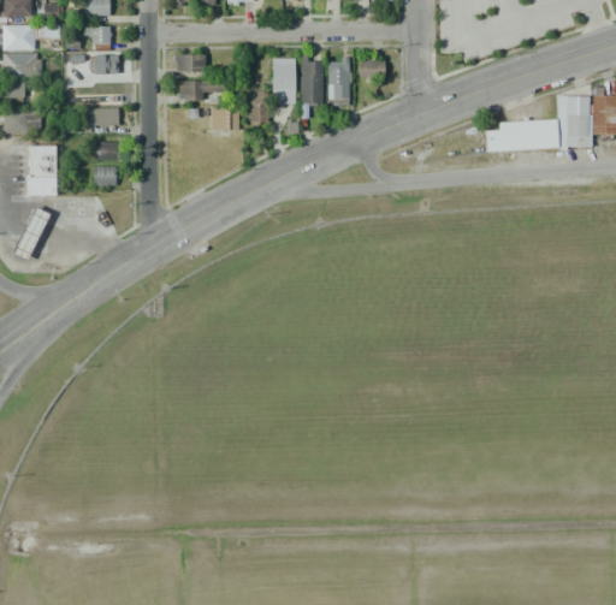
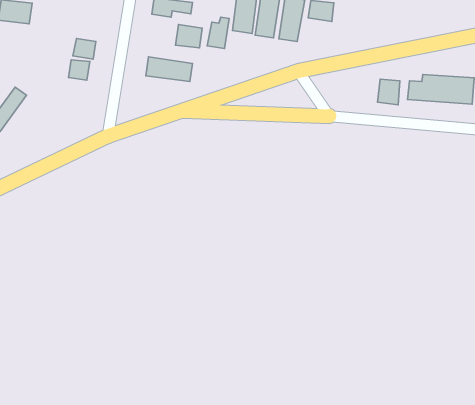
building: [77,108,118,131] -> none
building: none -> [377,79,400,105]
building: [24,143,58,196] -> none
building: none -> [146,57,193,81]

